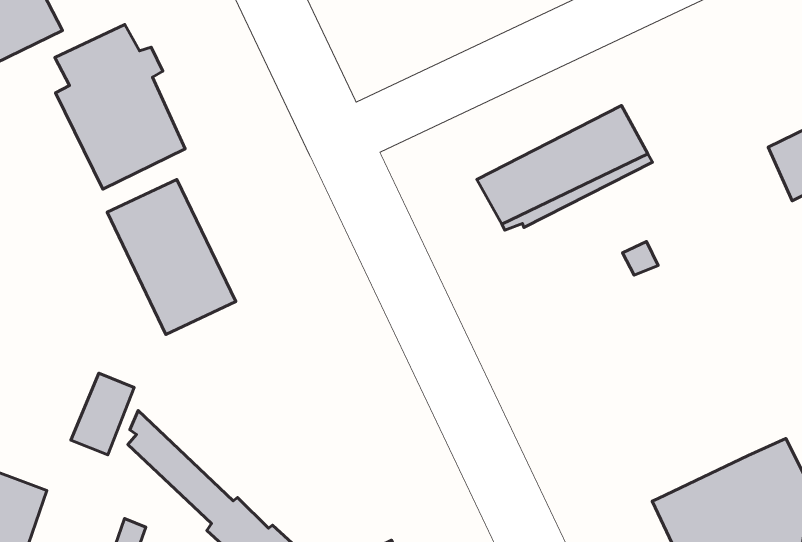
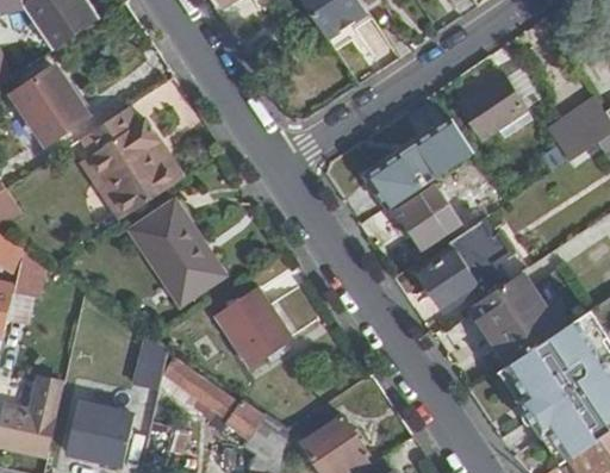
building: none -> [458,75,523,139]
building: none -> [396,182,448,248]
building: none -> [418,220,511,310]
building: none -> [216,288,292,367]
building: none -> [480,270,564,363]

